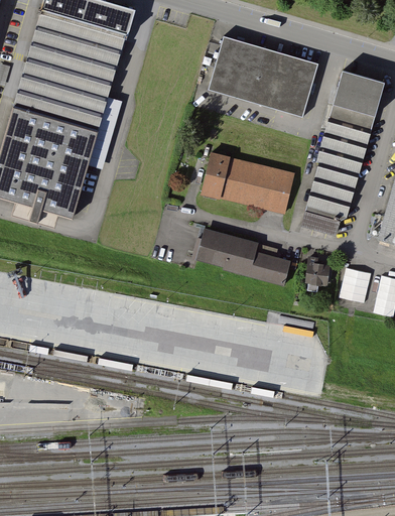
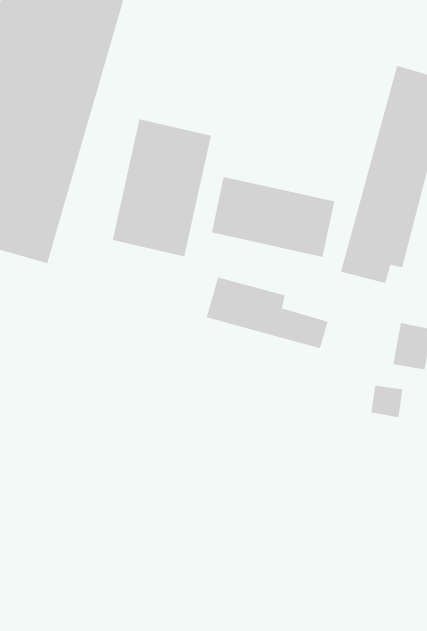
building: [207,35,318,118] -> none
building: none -> [112,118,211,257]
building: [306,257,332,282] -> [370,385,403,418]

